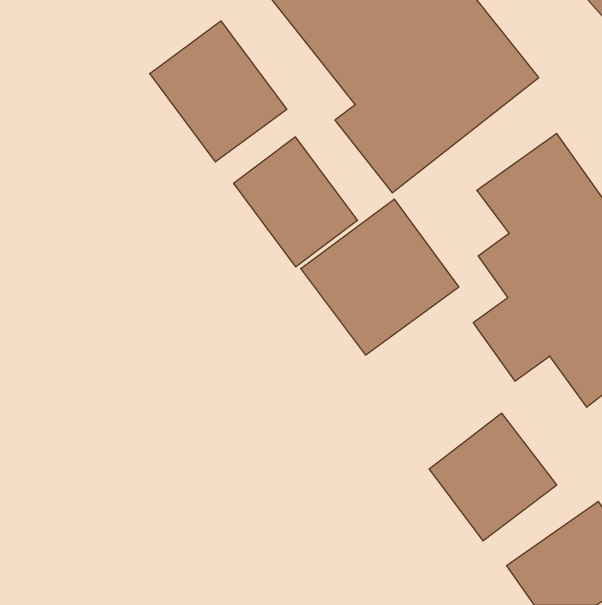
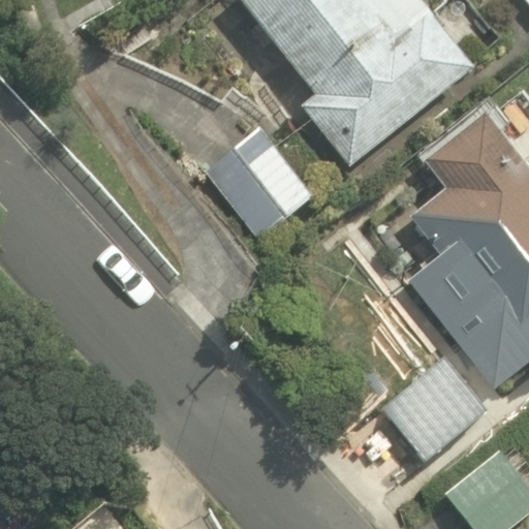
building: [150,21,287,162] -> none
building: [301,199,459,355] -> none

